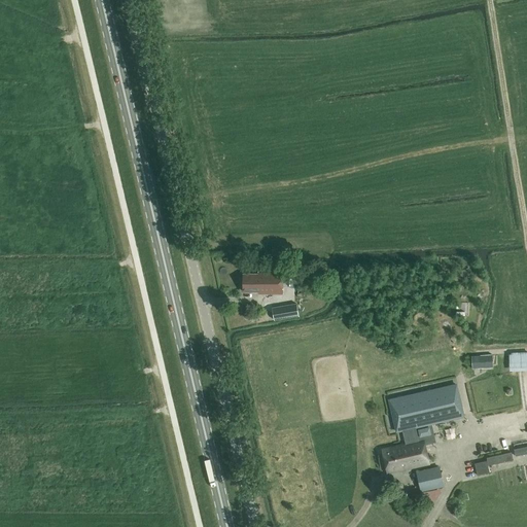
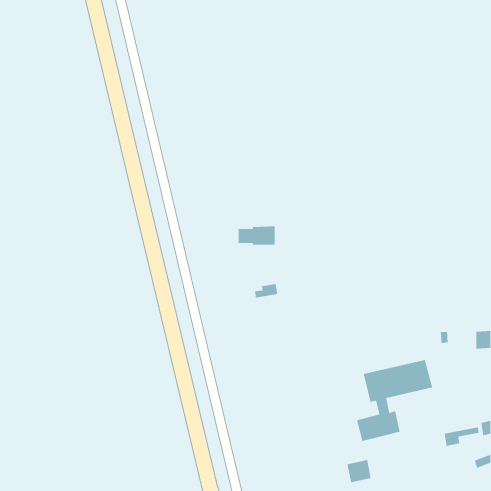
building: [242,271,282,292] -> [238,225,275,246]
building: [416,465,443,491] -> [347,459,372,483]

